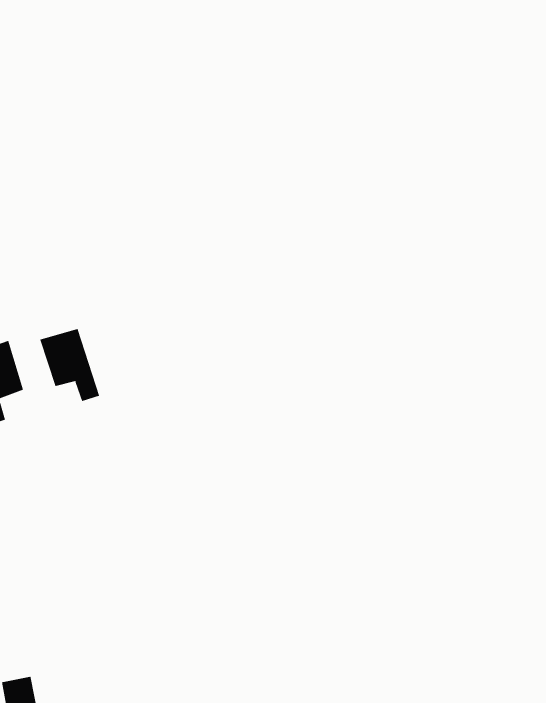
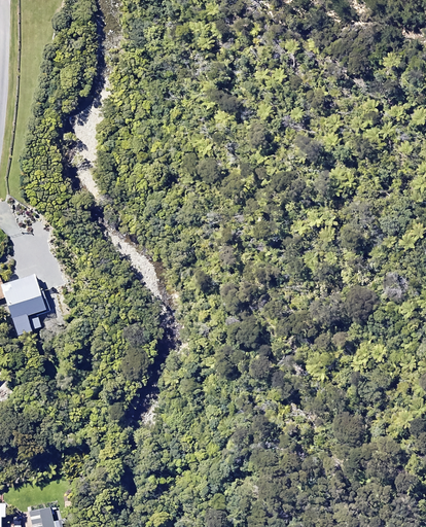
building: [39,328,100,402] -> none

